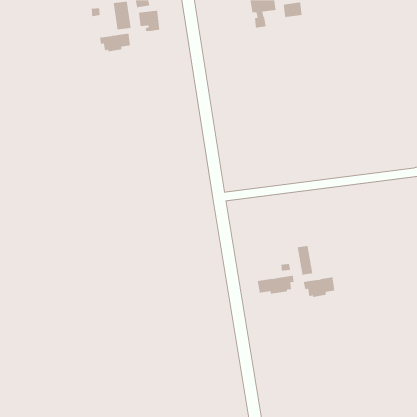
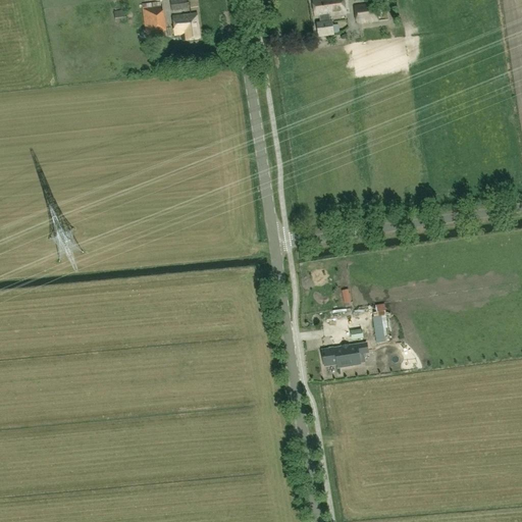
building: [99,33,131,52] -> none
building: [303,276,335,298] -> none

